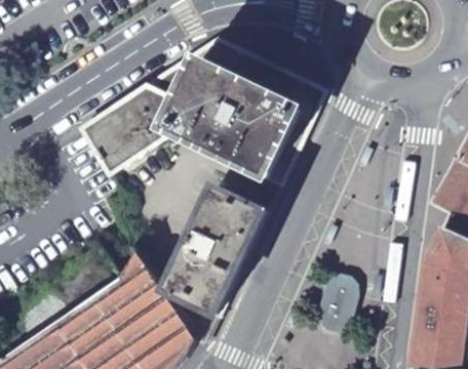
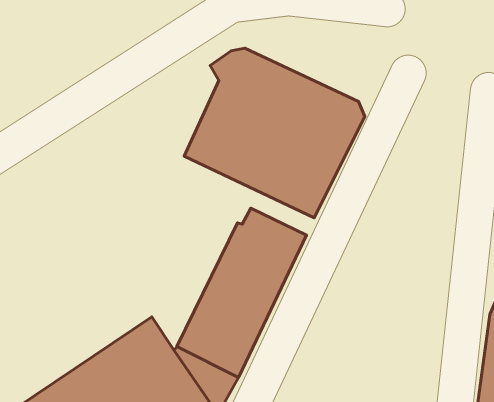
building: [79,59,196,176] -> none
building: [318,277,350,328] -> none

